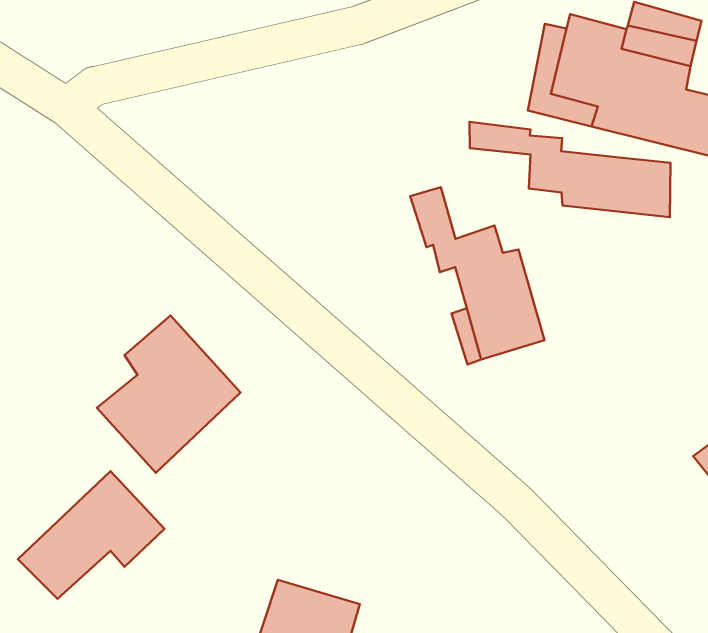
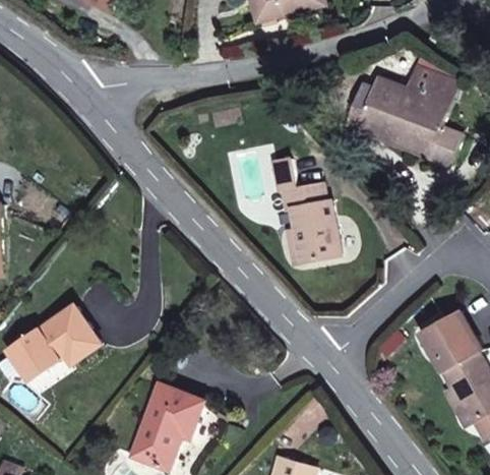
building: [470,122,670,217] -> none
building: [97,315,240,473] -> none

